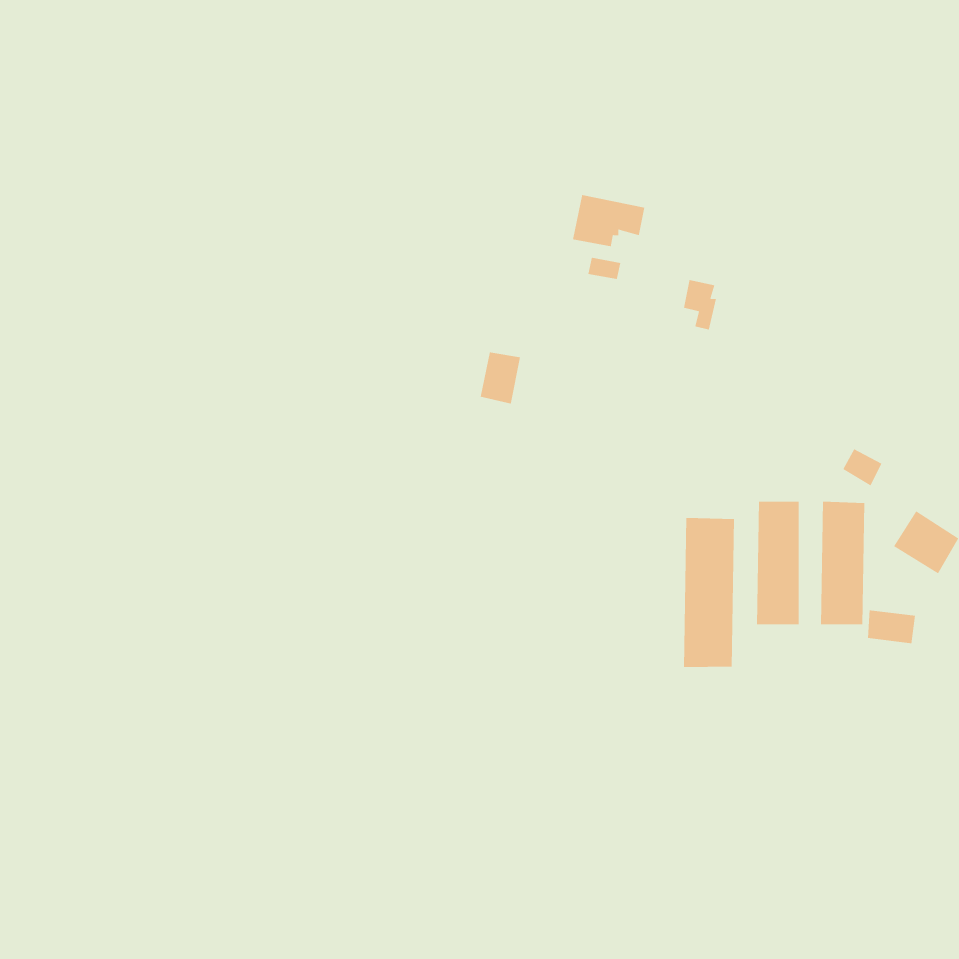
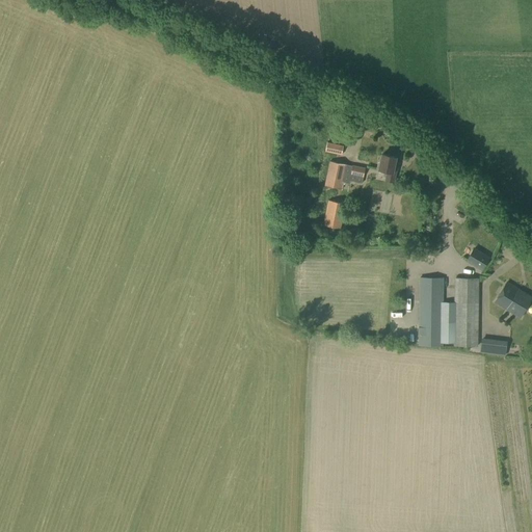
building: [572,194,645,247] -> [324,161,365,190]
building: [480,352,521,404] -> [323,200,346,229]
building: [683,517,734,668] -> none

